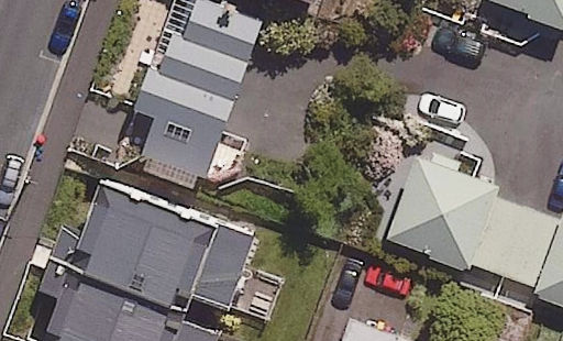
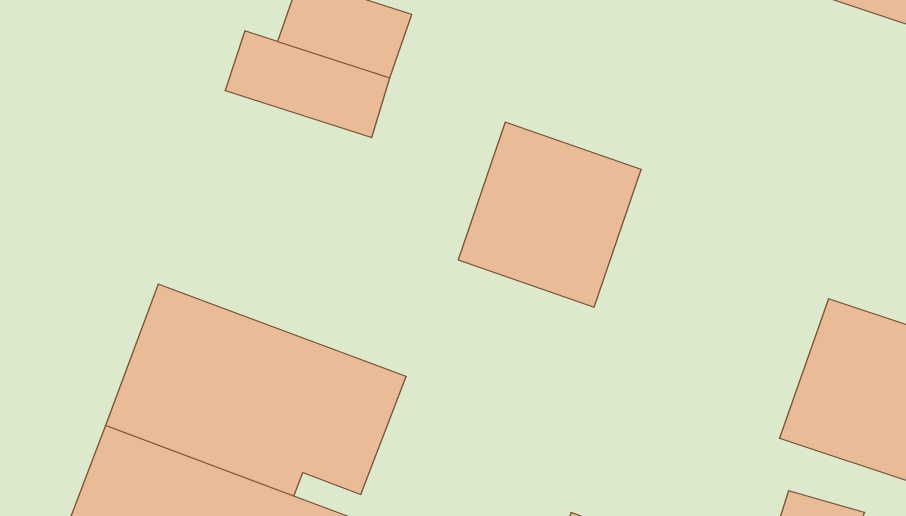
building: [129,65,231,177] -> none
building: [385,158,496,271] -> [458,122,641,307]

